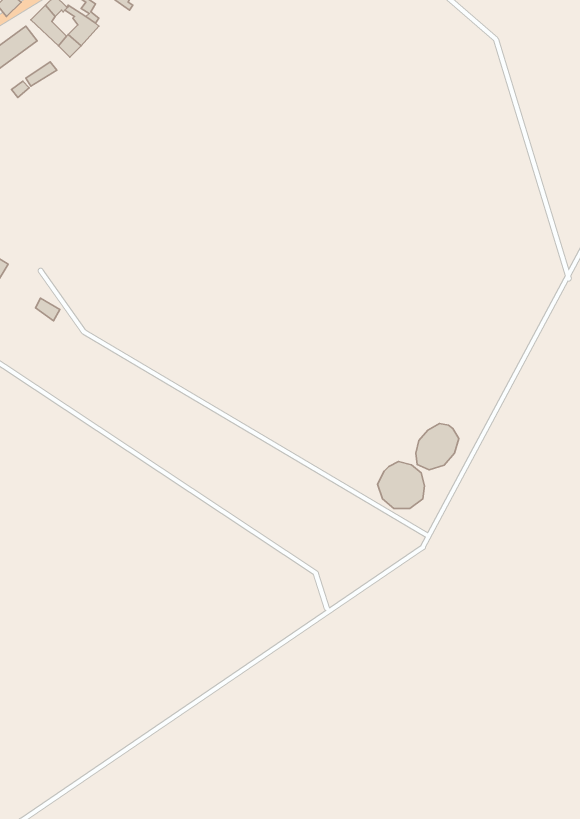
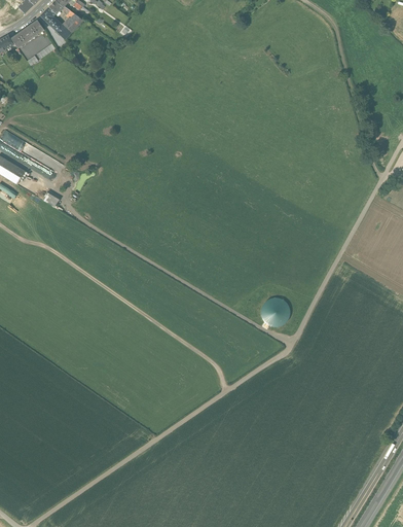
building: [416,424,459,470] -> none

